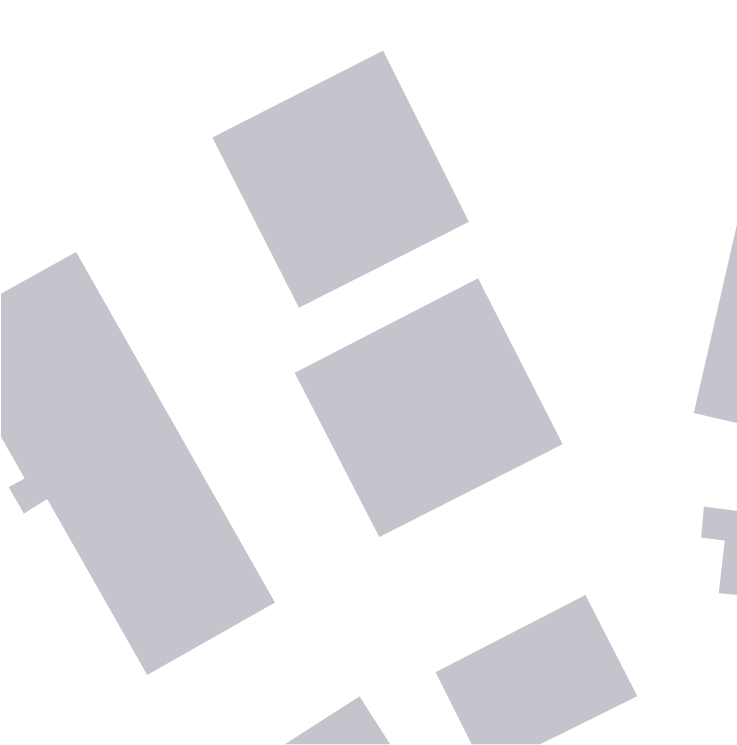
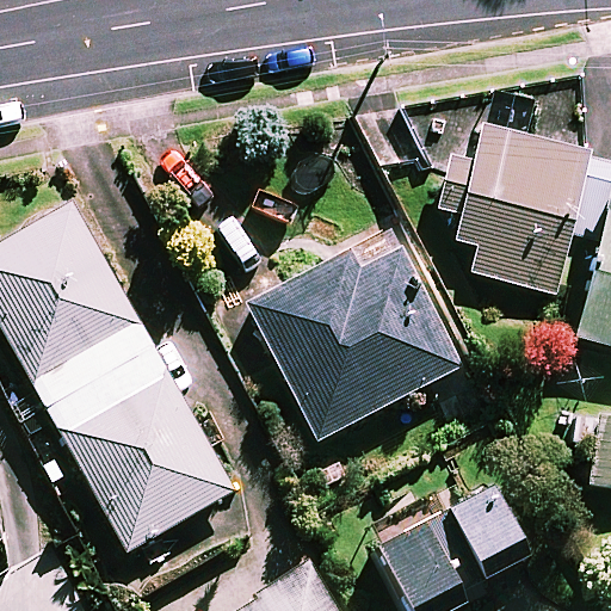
building: [211,50,470,309] -> none
building: none -> [459,128,588,289]

